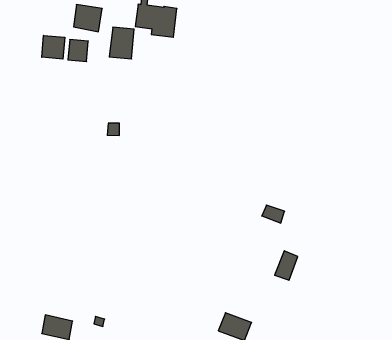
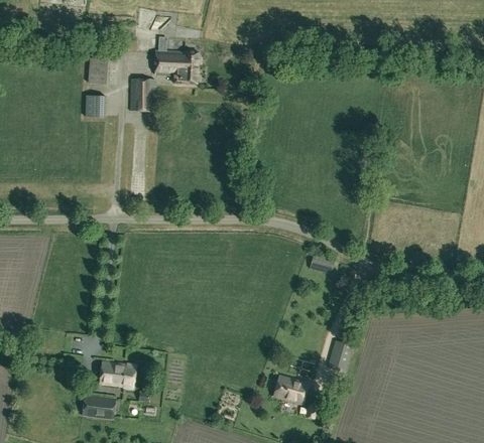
building: [42,35,65,59] -> none
building: [275,251,298,280] -> [328,339,351,371]
building: none -> [98,360,135,388]

